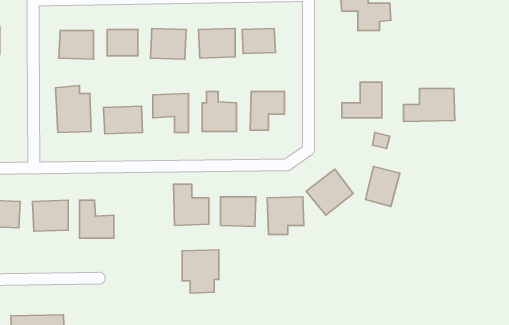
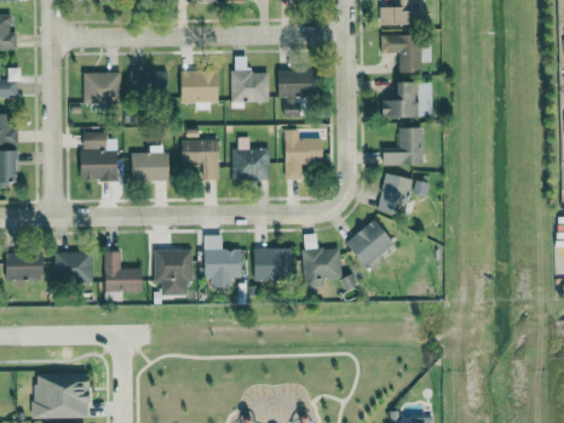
building: [403,88,455,122] -> [380,82,434,118]
building: [366,166,400,207] -> [378,173,414,216]
building: [182,250,219,293] -> [154,250,192,296]

